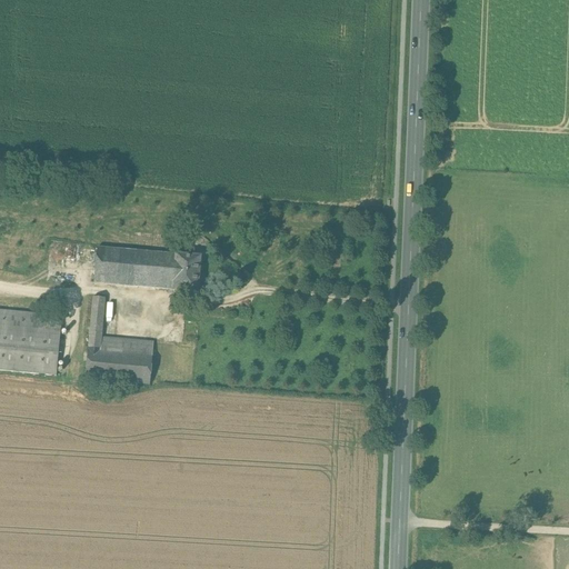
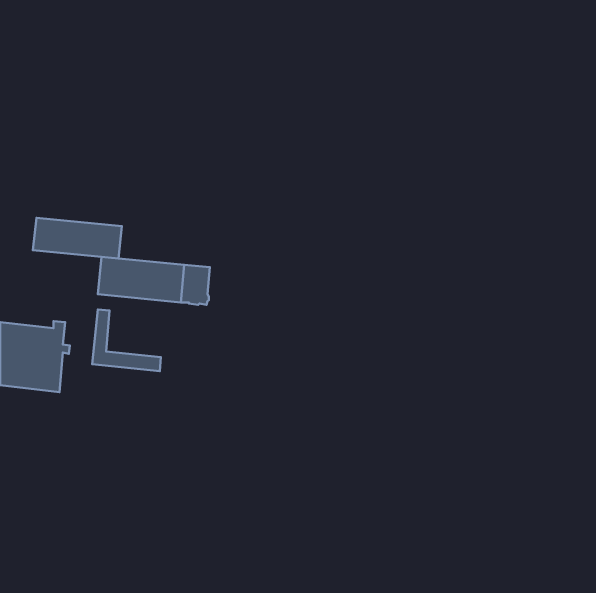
building: none -> [33,218,122,258]
building: [86,347,152,382] -> none

